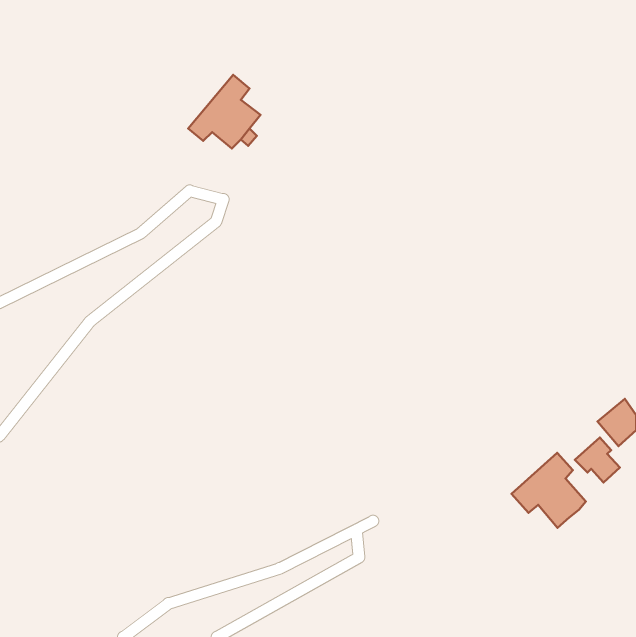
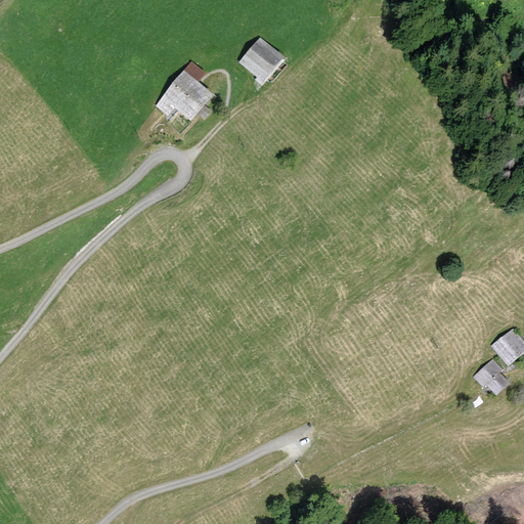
building: none -> [238,37,282,82]
building: [511,453,586,528] -> none

